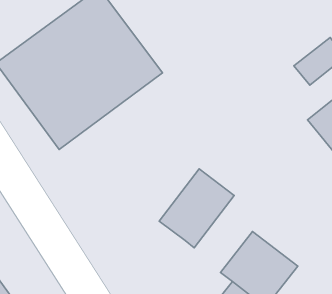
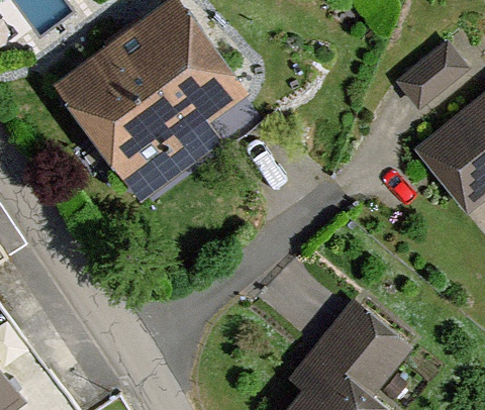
building: [159,169,234,248] -> none

